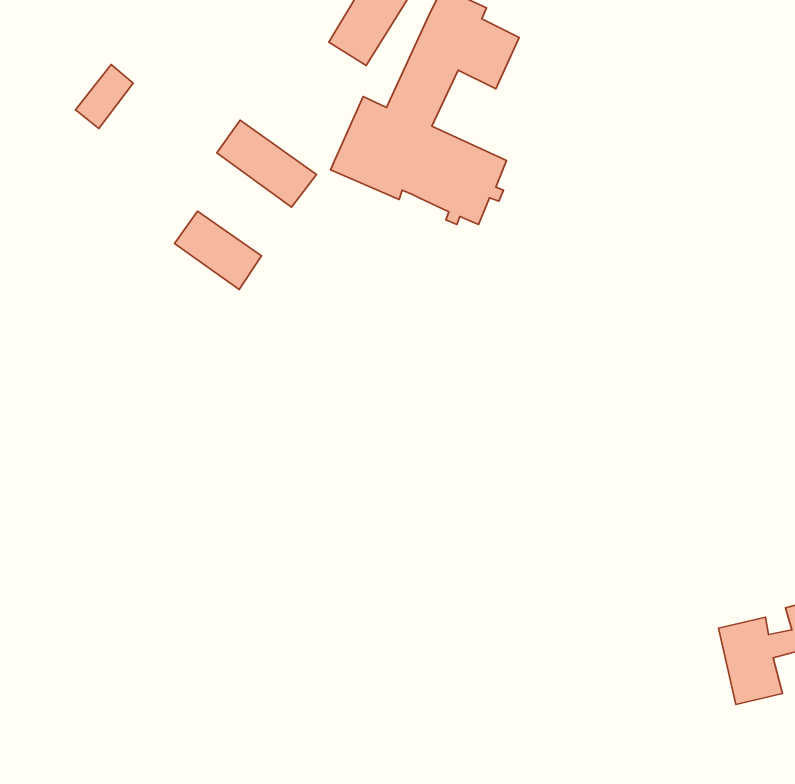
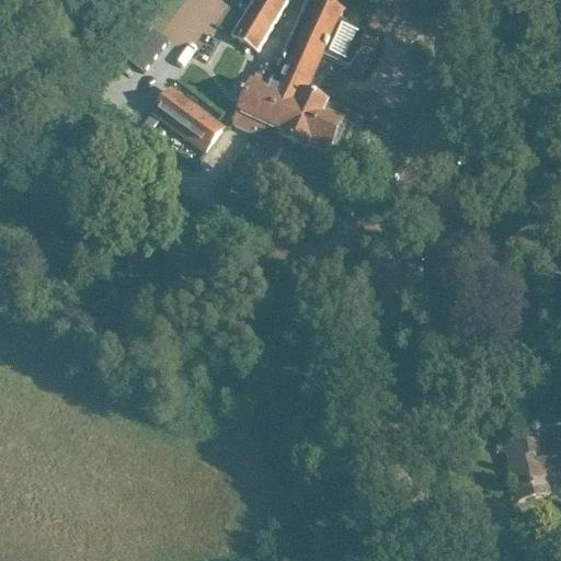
building: [75,65,133,128] -> [128,22,169,67]
building: [174,211,262,289] -> none

